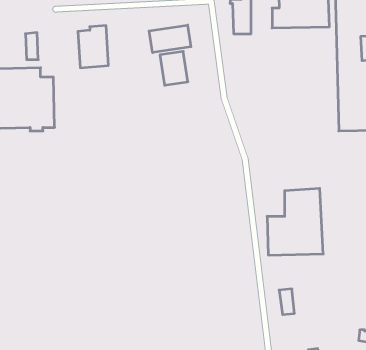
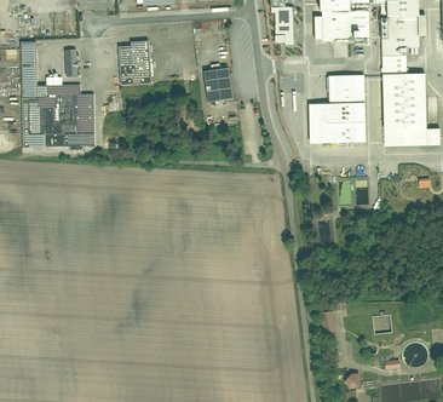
building: [149,25,191,53] -> none
building: [267,188,323,255] -> [310,74,368,143]

